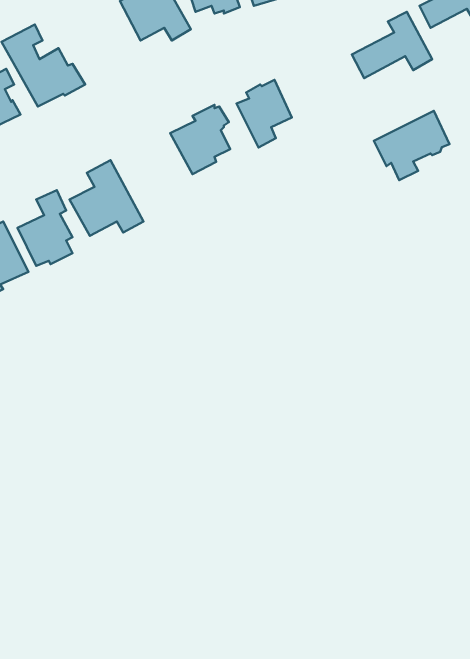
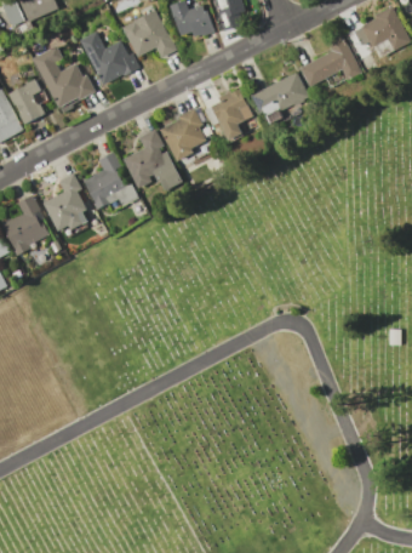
building: none -> [76,32,138,84]
building: [374,111,450,180] -> [250,72,308,125]
building: none -> [122,127,183,189]

